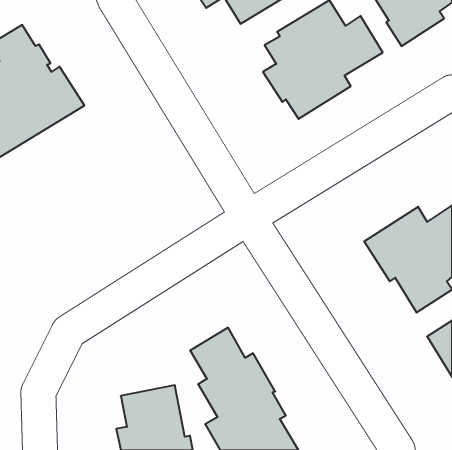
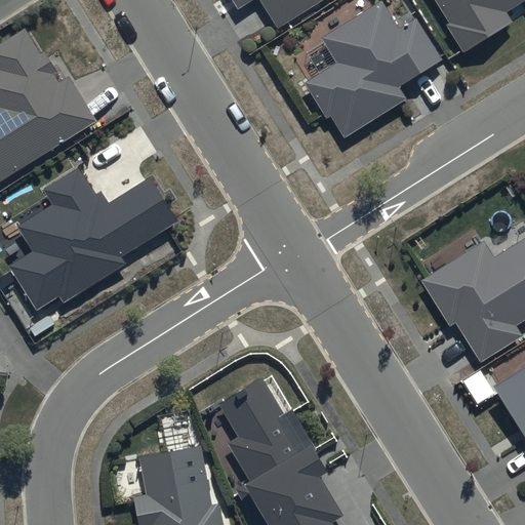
building: none -> [7,169,179,312]

